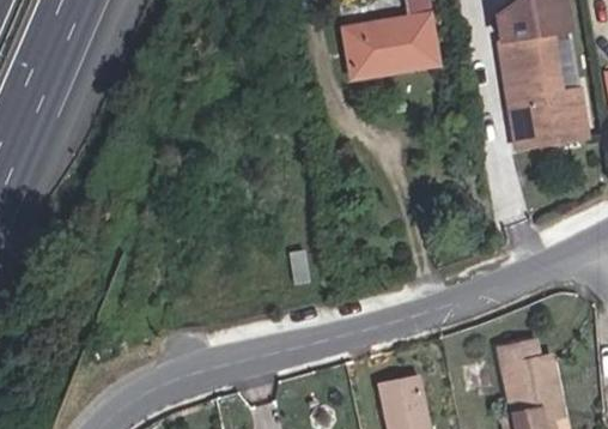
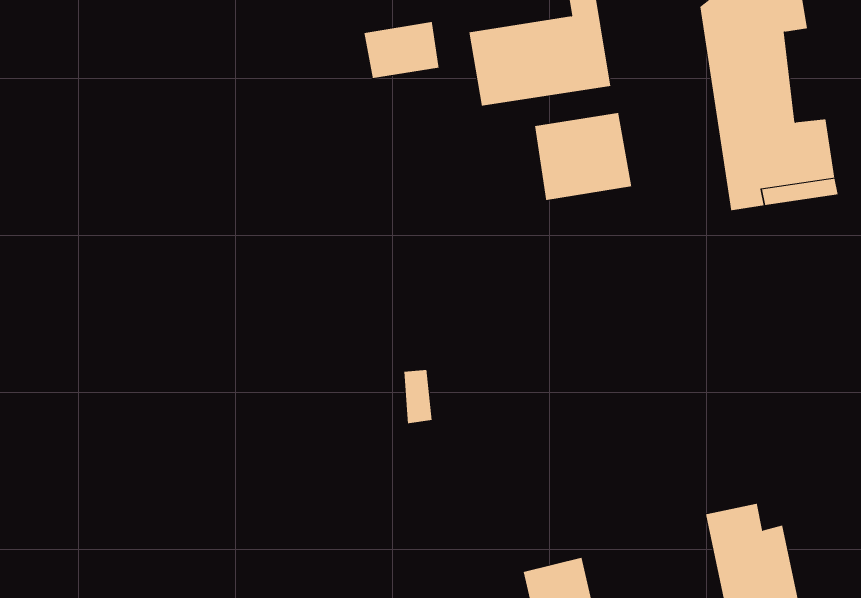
building: none -> [364,21,439,79]
building: none -> [534,112,632,201]

